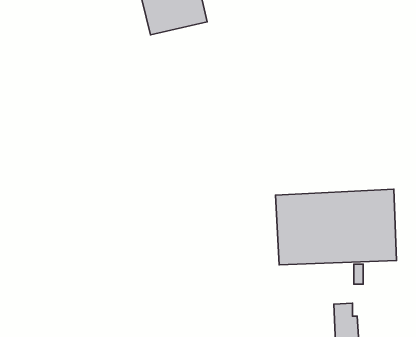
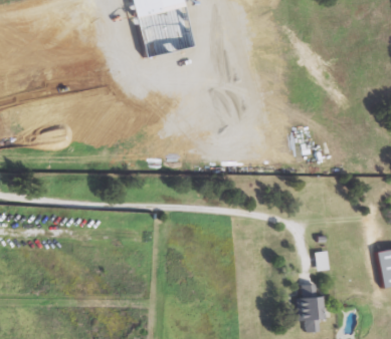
building: [275,189,396,265] -> none

